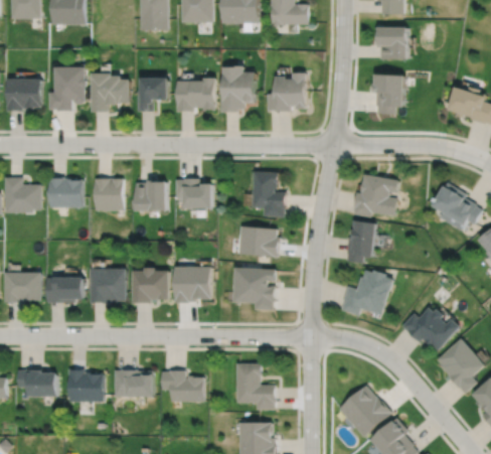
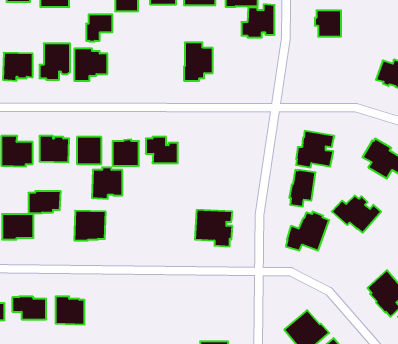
building: [267,73,306,113] -> [241,4,275,37]
building: [372,77,403,115] -> none
building: [176,80,215,113] -> none
building: [137,81,168,113] -> [86,14,112,42]
building: [252,173,287,218] -> none
building: [237,228,280,259] -> none
building: [175,265,213,302] -> none
building: [134,266,170,303] -> [92,167,122,199]
building: [48,275,87,301] -> [28,191,61,213]
building: [401,306,460,350] -> [332,195,381,233]
building: [236,362,276,409] -> none
building: [114,368,154,396] -> none
building: [161,369,204,401] -> none

